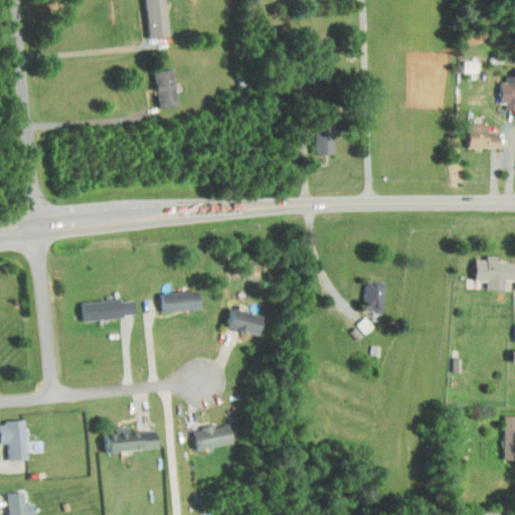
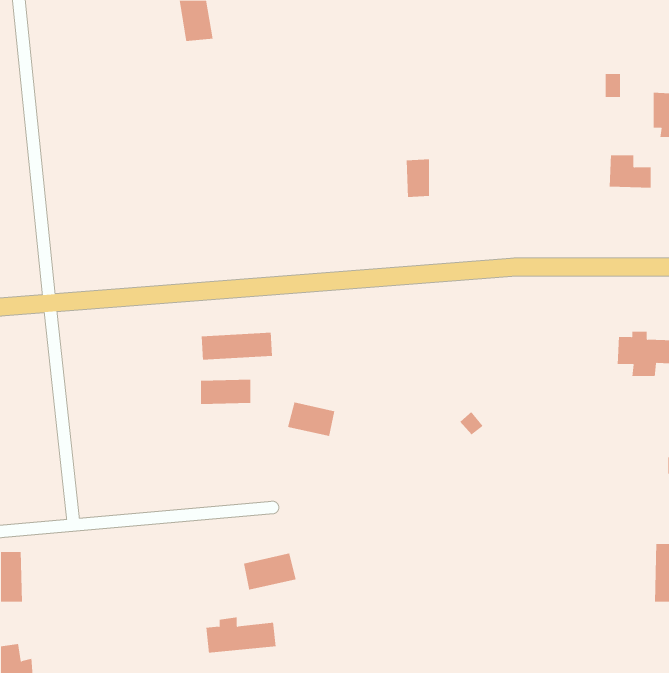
building: [155,70,177,108] -> none
building: [363,281,386,314] -> none
building: [81,300,136,321] -> [201,332,273,360]
building: [105,426,158,454] -> [206,617,276,653]

